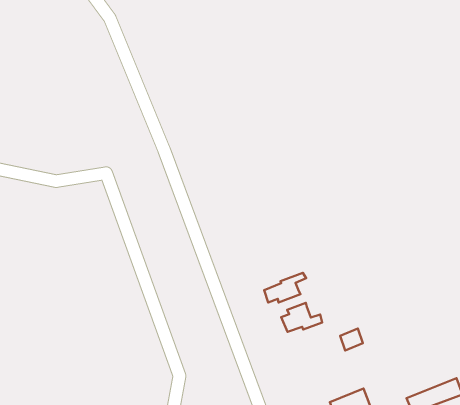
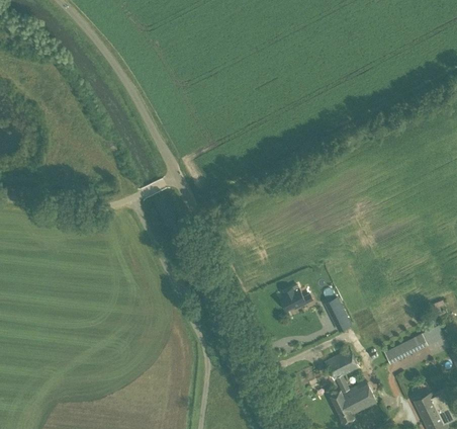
building: [264,273,306,303] -> none

